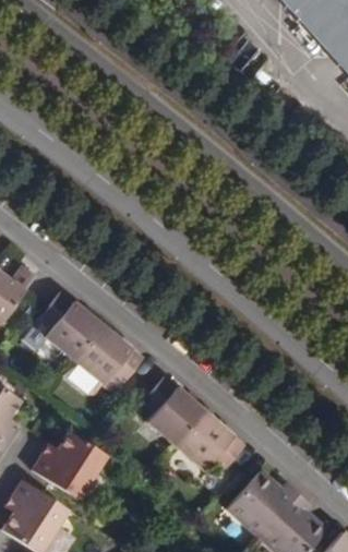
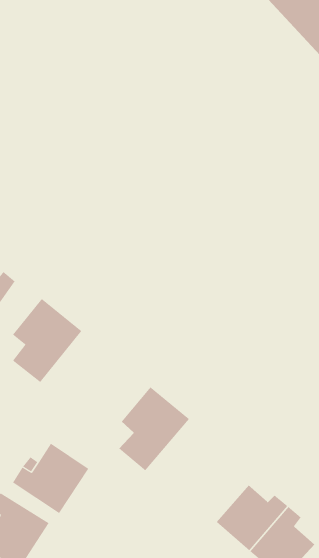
building: [60,322,143,408] -> none
building: [161,407,248,482] -> none

